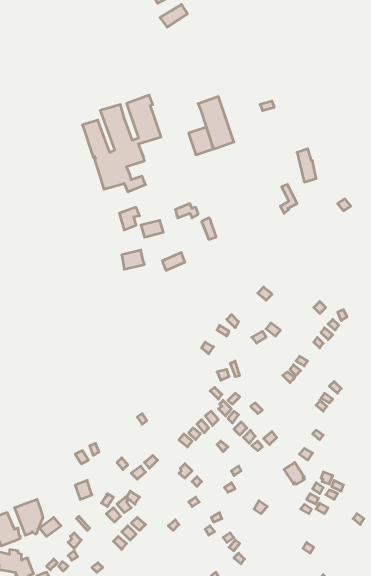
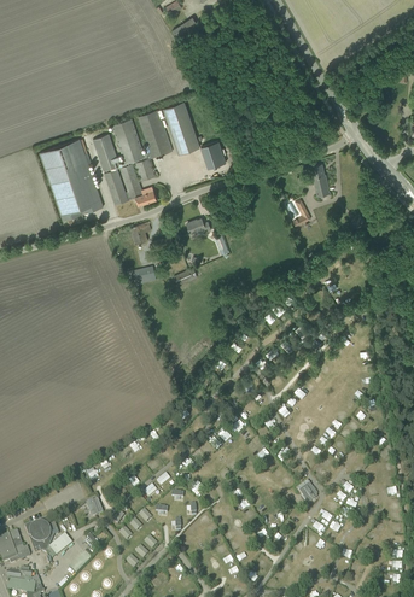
building: [198,97,234,149] -> [163,101,199,154]
building: none -> [39,139,103,221]

